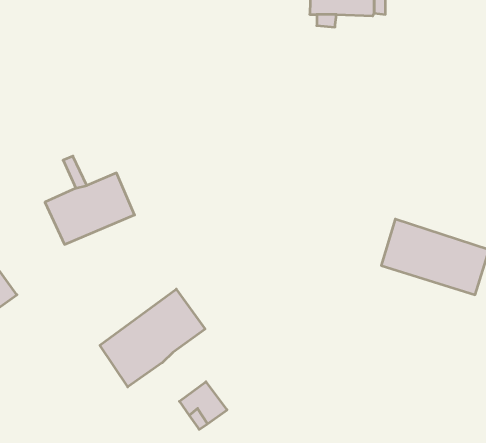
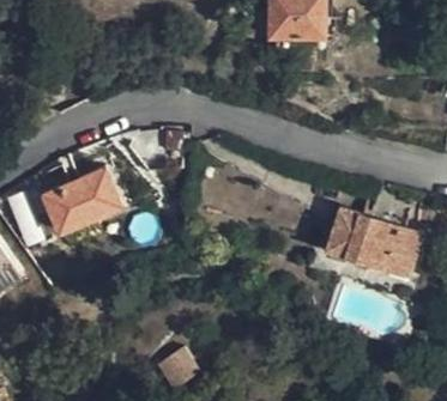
building: [100,289,205,387] -> none

